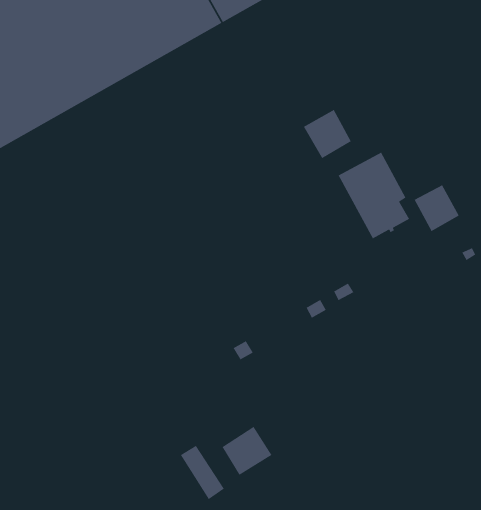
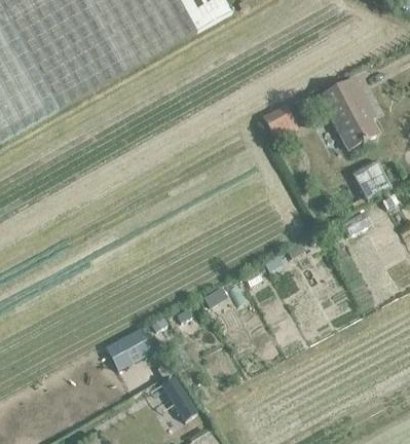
building: [337,151,410,239] -> [320,77,379,149]
building: none -> [107,326,157,368]
building: [222,426,273,476] -> none

